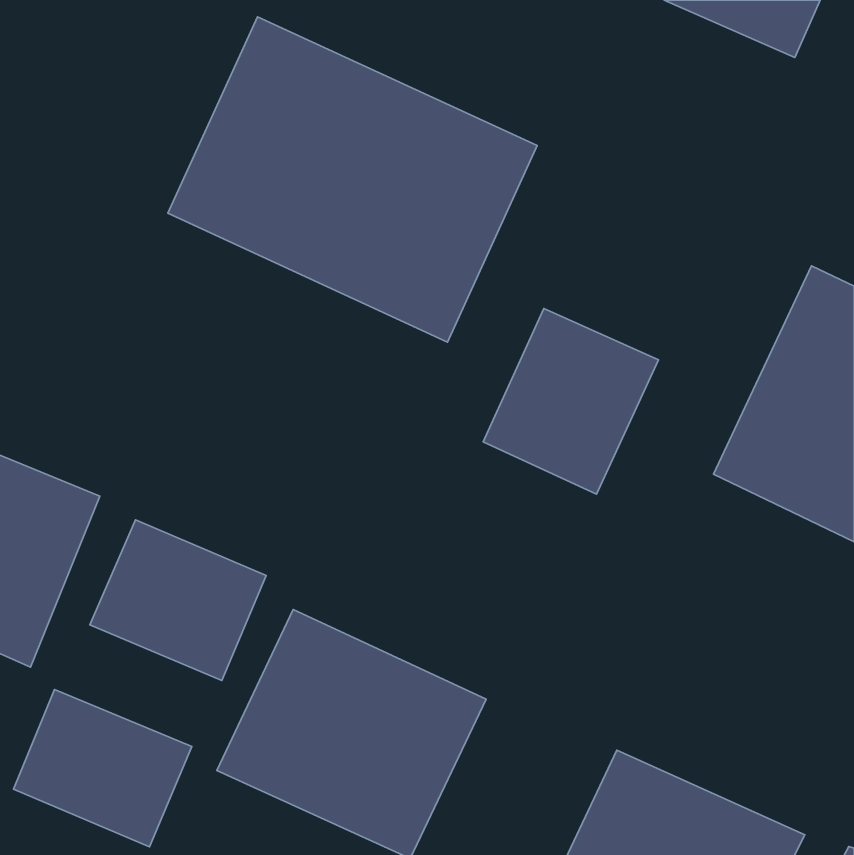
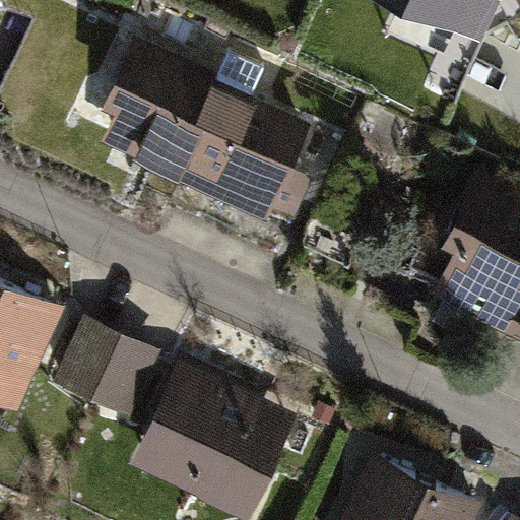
building: [483,308,659,494] -> none
building: [13,690,192,847] -> none

